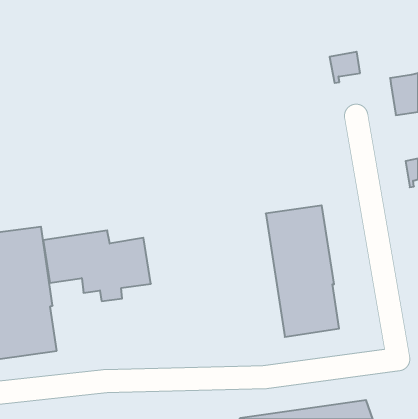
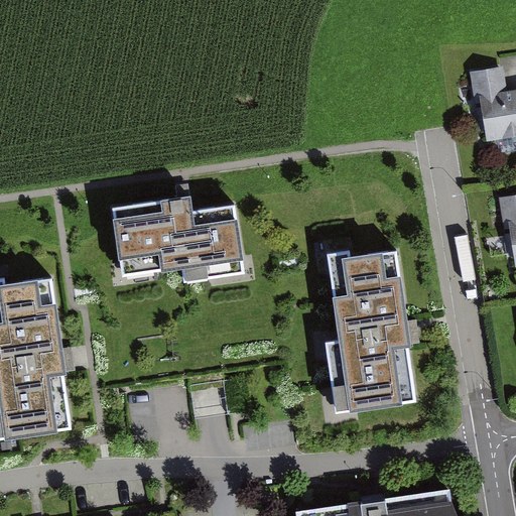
building: [330,52,360,83] -> [467,66,504,104]
building: [43,230,151,301] -> [110,197,242,283]

